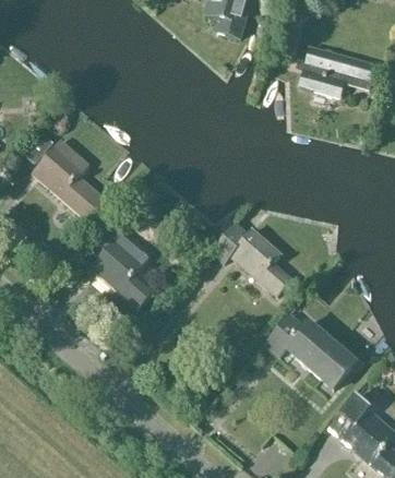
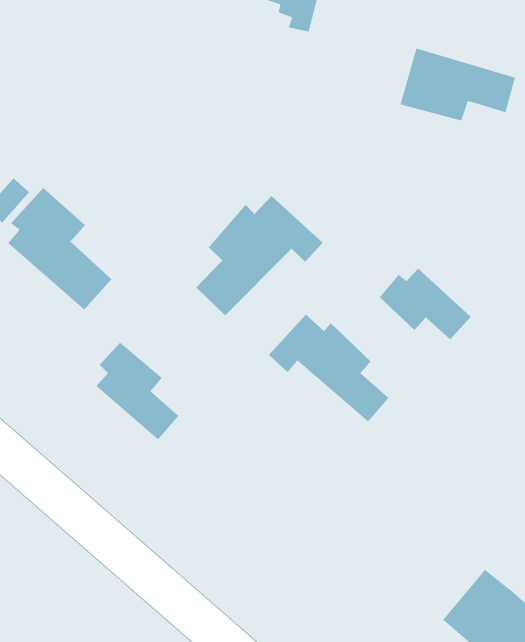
building: none -> [195,195,323,316]
building: none -> [379,268,472,340]
building: [264,313,355,387] -> none

